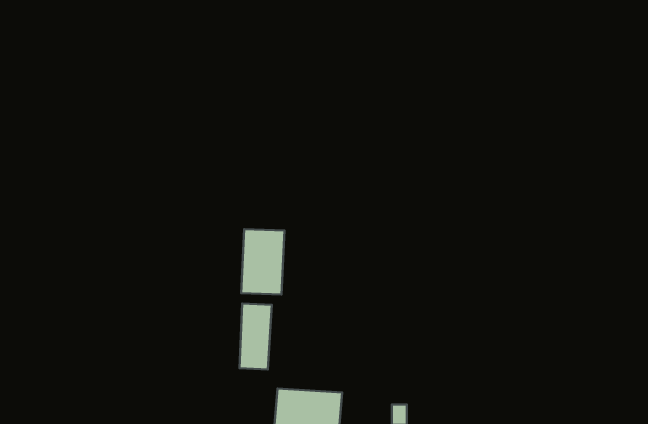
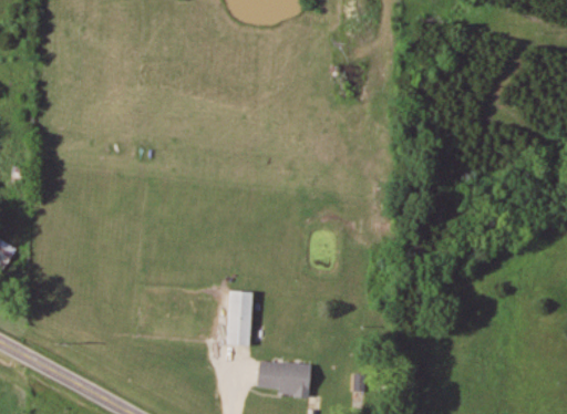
building: [241,229,285,294] -> none

